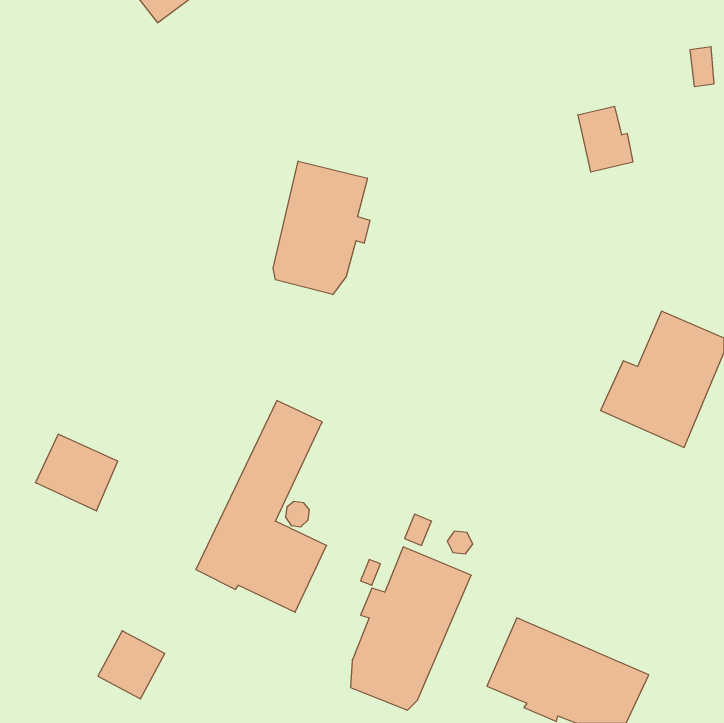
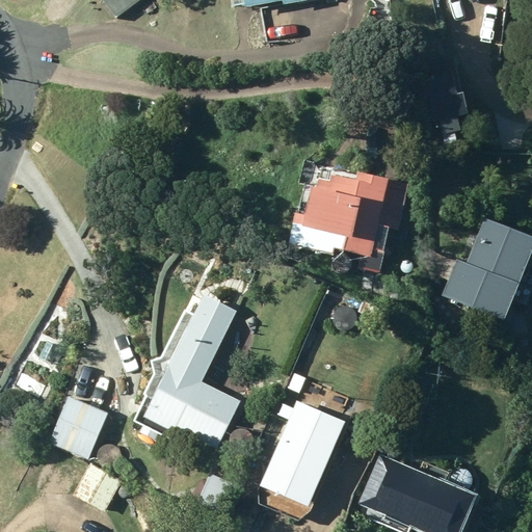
building: [273,161,370,295] -> none
building: none -> [286,171,407,271]
building: [35,434,118,511] -> [49,402,109,458]

